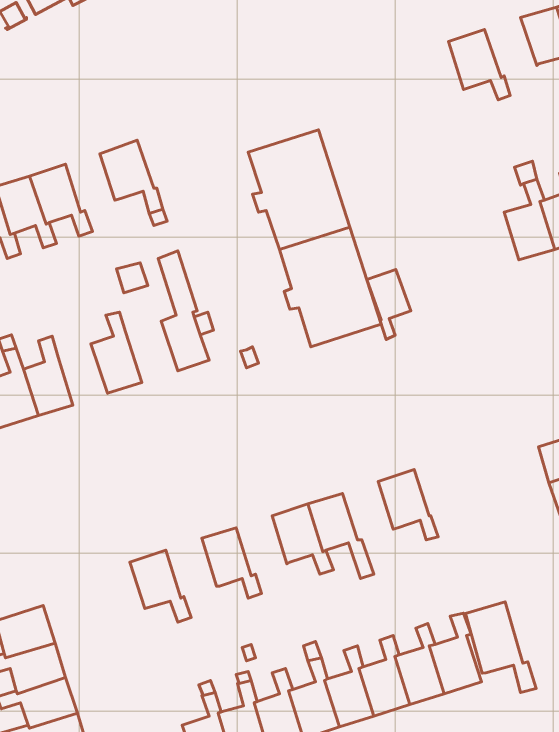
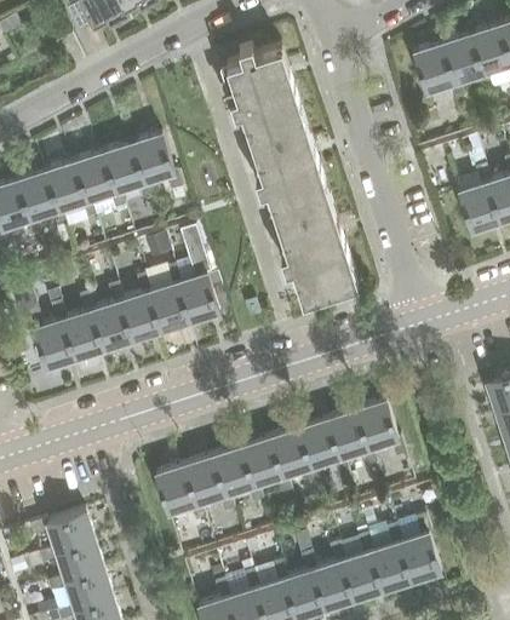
building: none -> [442,35,492,93]
building: none -> [225,46,308,144]
building: none -> [103,145,154,202]
building: [367,269,411,339] -> none
building: none -> [151,264,194,331]
building: none -> [97,282,137,349]
building: none -> [327,411,377,467]
building: none -> [241,438,291,496]
building: none -> [184,457,233,515]
building: [465,602,536,693] -> none

